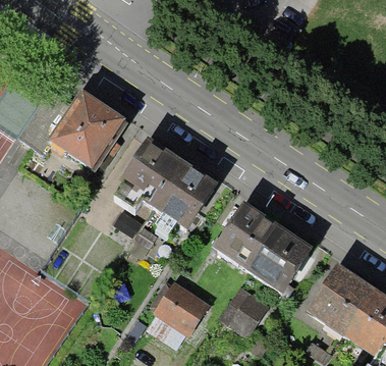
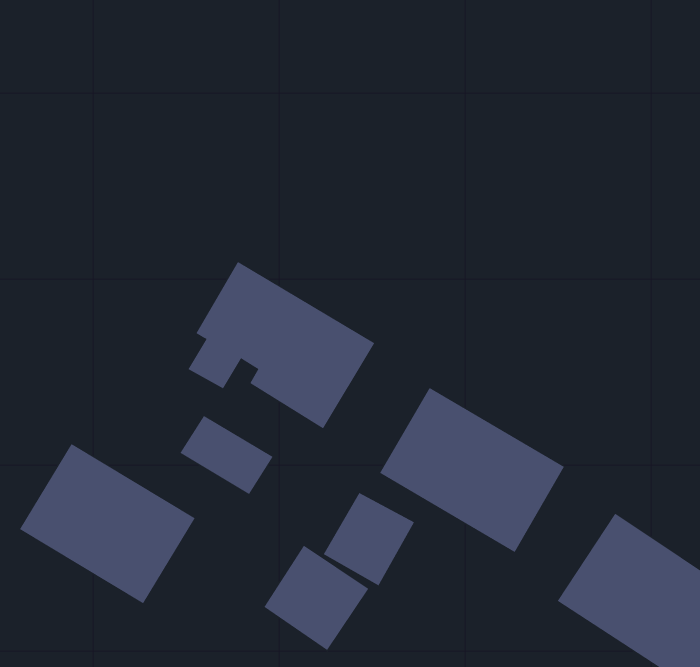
building: [49,97,117,167] -> none
building: none -> [19,443,196,604]
building: [226,293,273,341] -> [323,492,415,586]

